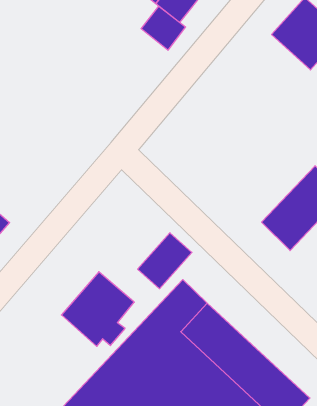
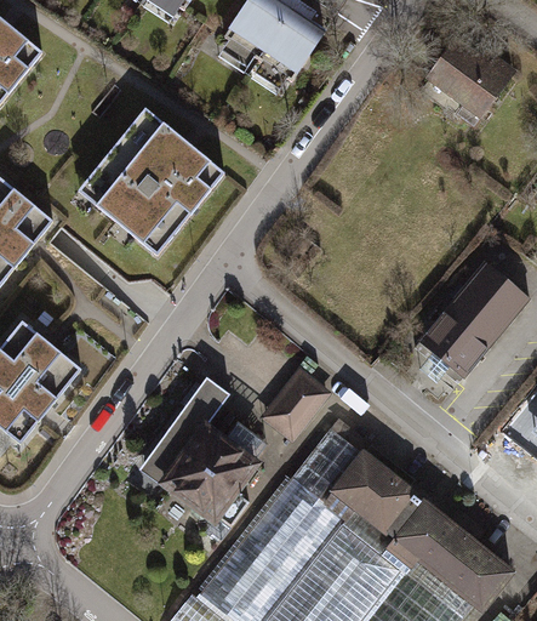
building: [141,6,186,50] -> none
building: none -> [79,108,227,256]
building: none -> [141,376,233,485]

